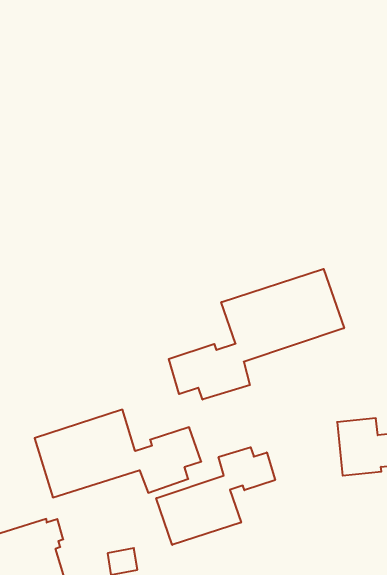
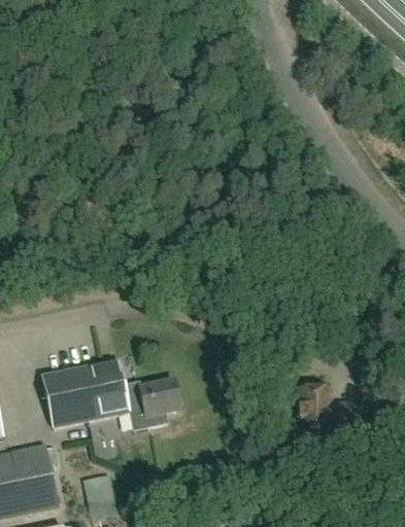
building: [169,269,344,400] -> none
building: [156,447,275,545] -> none

